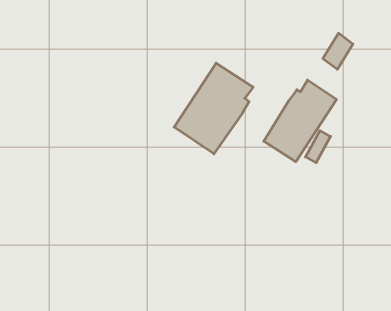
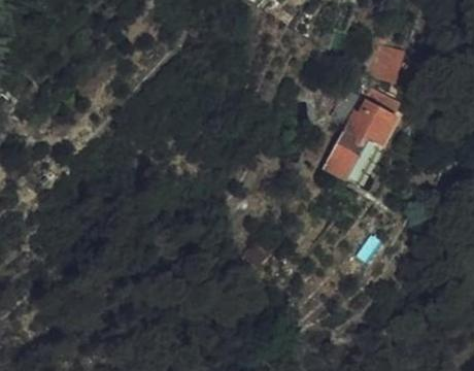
building: [174,63,253,154] -> none

